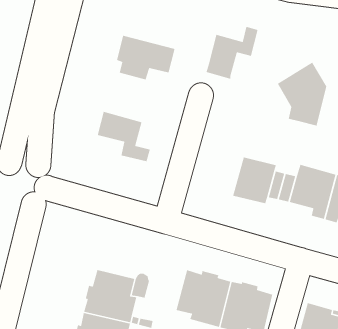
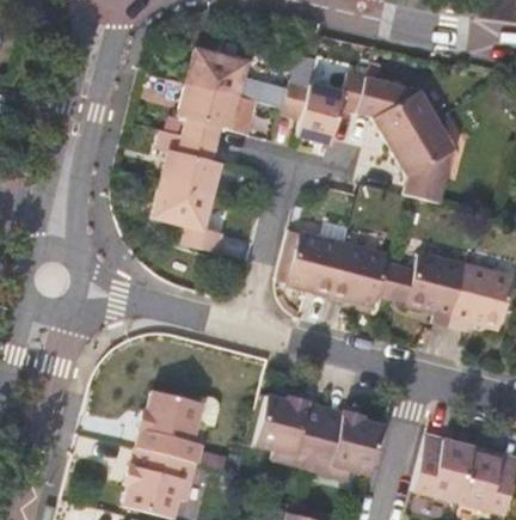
building: none -> [186,51,314,121]
building: none -> [355,78,435,148]
building: none -> [160,131,221,198]
building: none -> [275,230,344,295]

